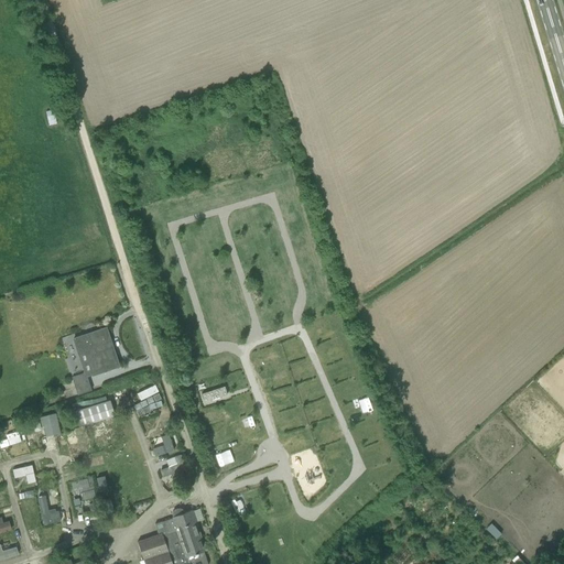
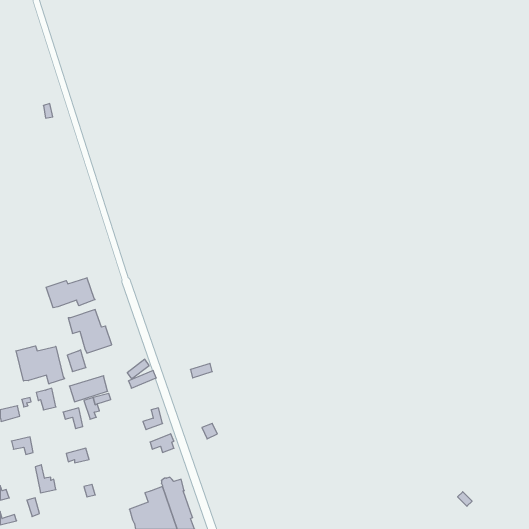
building: none -> [46,278,95,308]
building: none -> [16,346,65,384]

